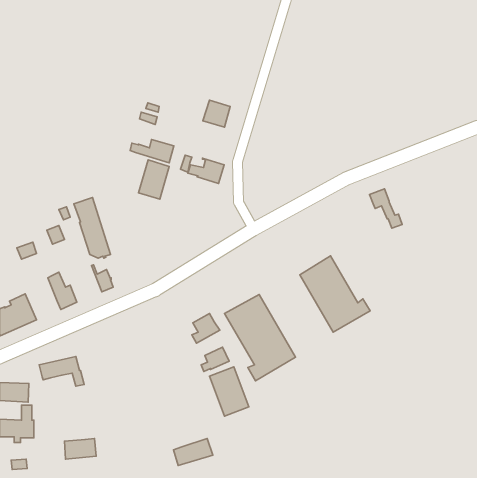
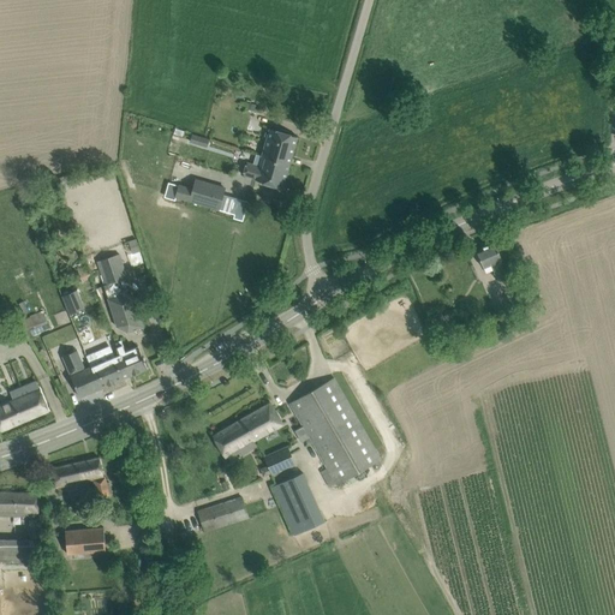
building: [188,158,224,183] -> [241,155,288,187]
building: [138,160,169,199] -> none
building: [300,256,370,332] -> none
building: none -> [85,341,131,388]
building: none -> [211,414,256,462]
building: [173,438,213,466] -> [197,496,247,531]
building: [64,439,96,459] -> [64,527,105,554]

